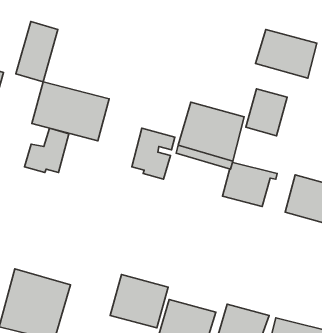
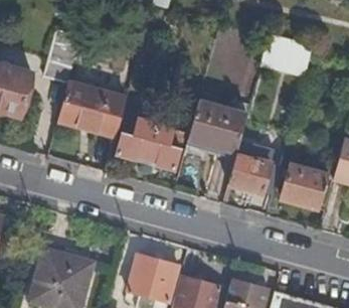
building: [246,89,287,136] -> none
building: [24,128,69,172] -> [117,119,156,158]

